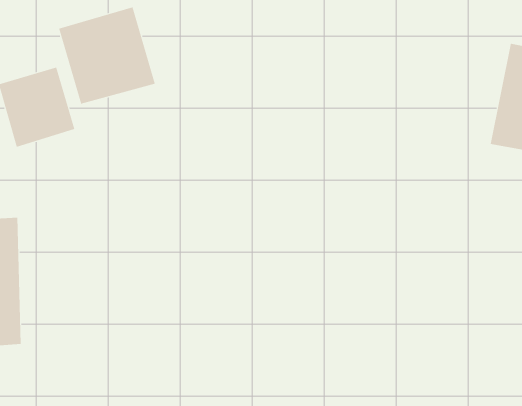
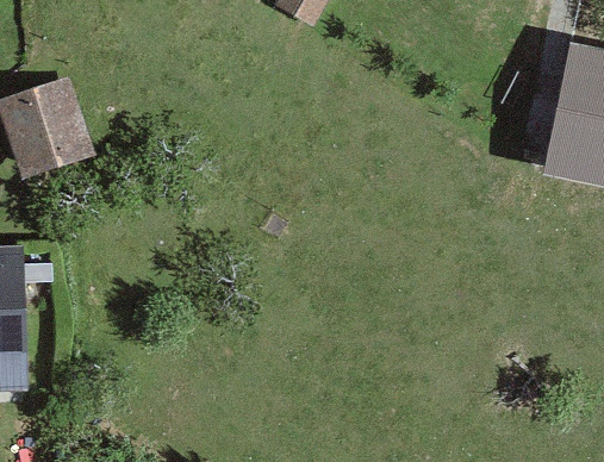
building: [59,6,156,105] -> none

